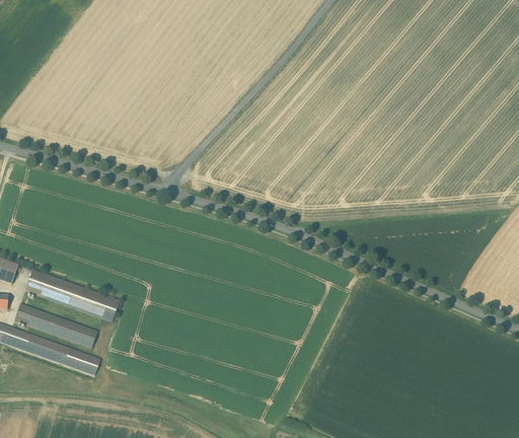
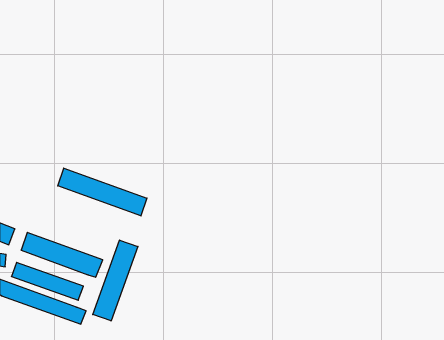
building: none -> [58,168,147,216]
building: none -> [93,240,138,321]

